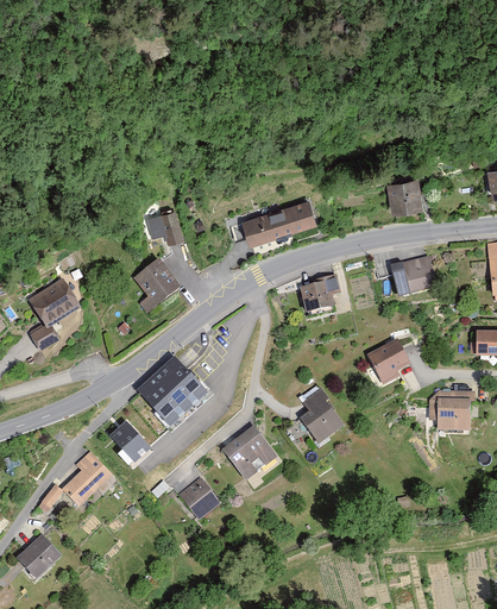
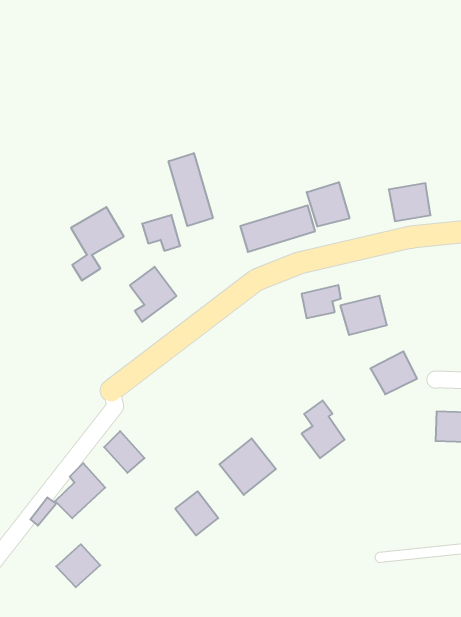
building: none -> [169,153,213,226]
building: none -> [307,182,349,227]
building: [390,255,435,293] -> [340,296,387,335]
building: [29,277,80,349] -> [71,207,124,281]
building: [134,353,207,425] -> none
building: [17,536,59,578] -> [56,544,100,587]

